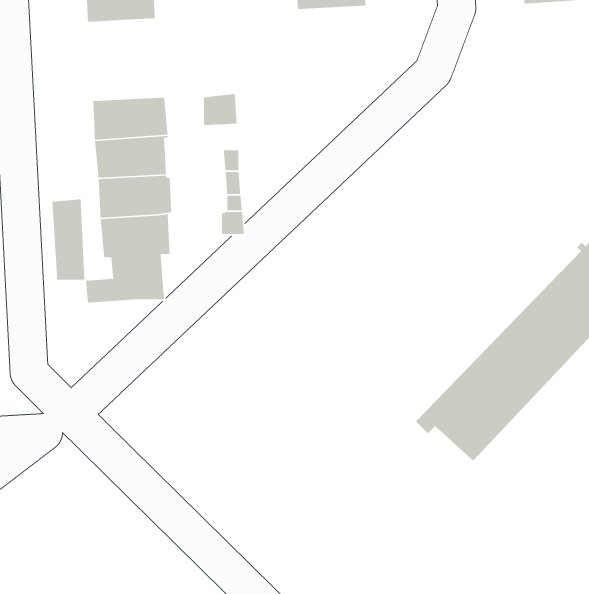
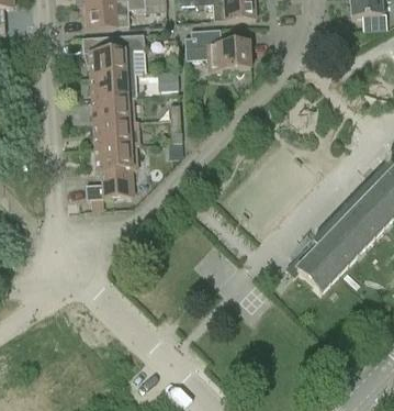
building: none -> [184,30,250,77]
building: none -> [89,35,143,76]
building: [52,198,85,280] -> none

